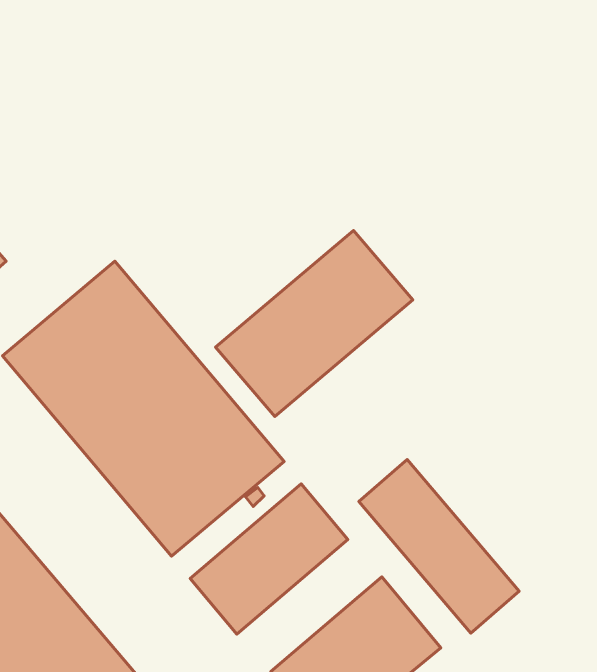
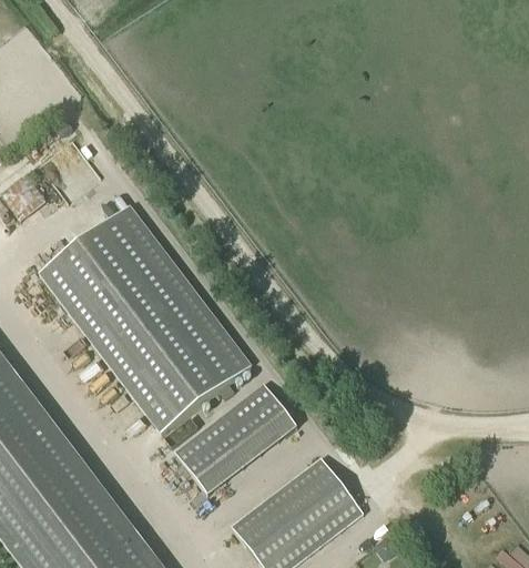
building: [215,230,413,416] -> none
building: [359,460,519,633] -> none

